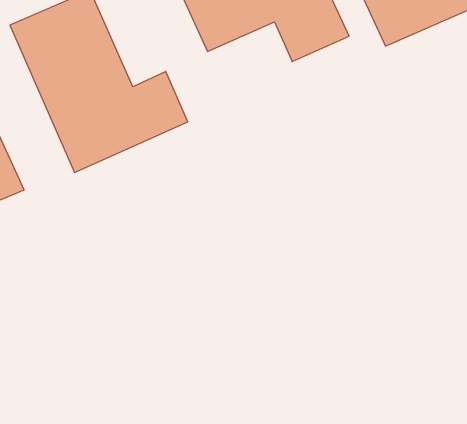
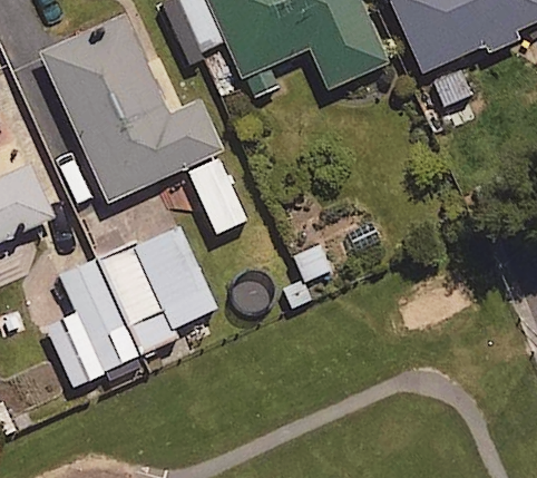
building: none -> [45,230,215,407]

